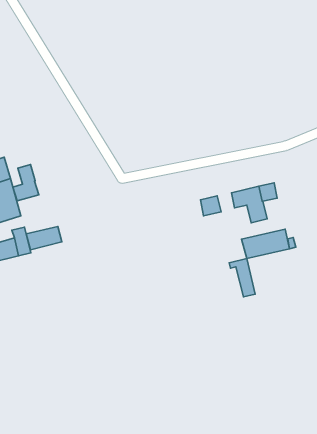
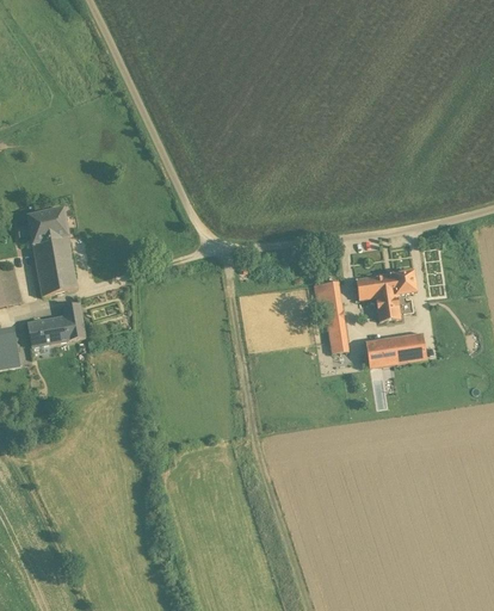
building: [13,165,39,201] -> none
building: [26,226,62,250] -> none
building: [229,259,255,297] -> [317,303,348,353]

